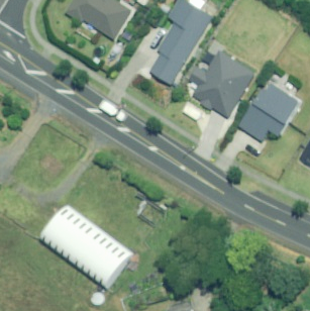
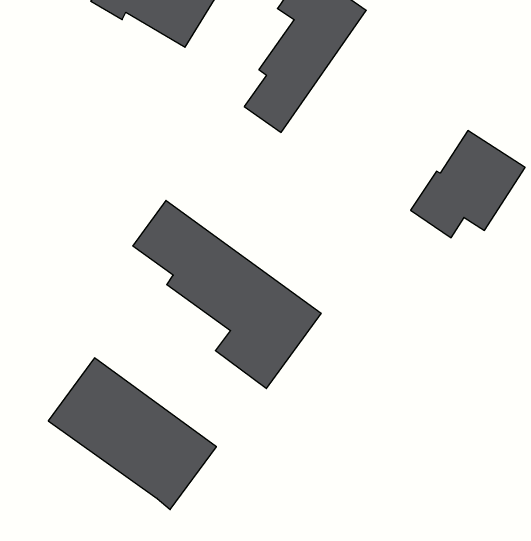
building: [180,50,254,117] -> none
building: none -> [133,200,321,389]

